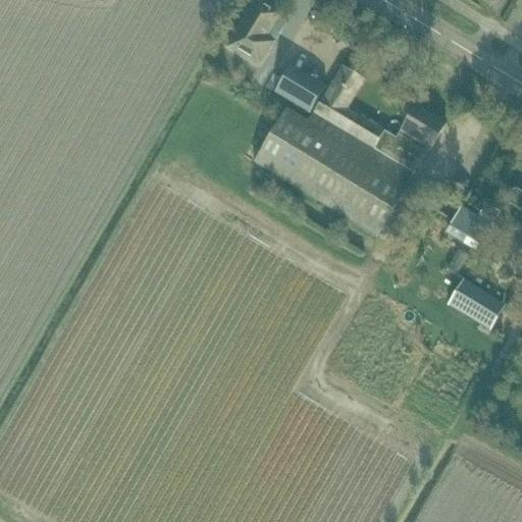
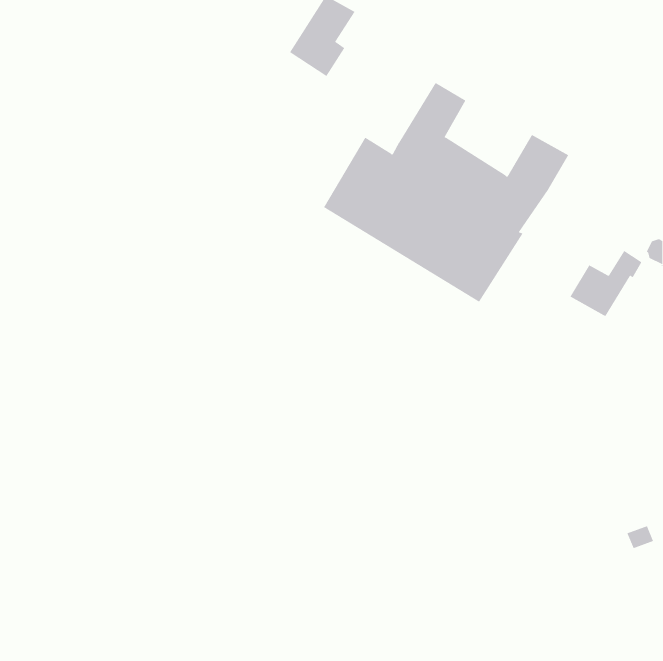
building: [274,64,324,110] -> none
building: [448,278,506,329] -> none

